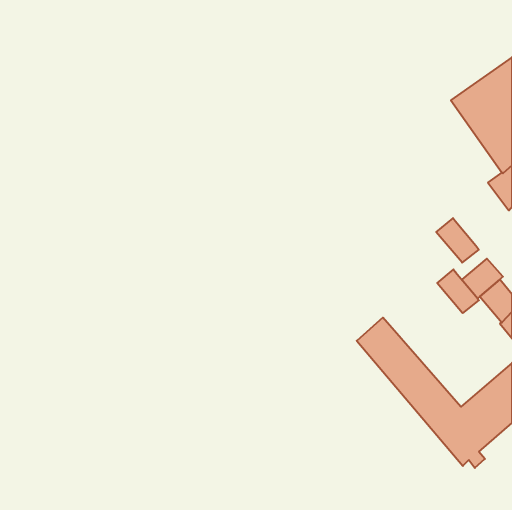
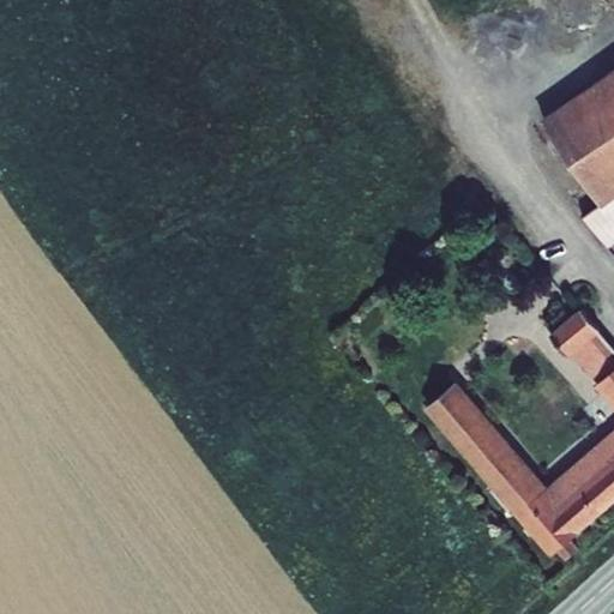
building: [436,218,479,263] -> none
building: [437,269,479,313] -> none

